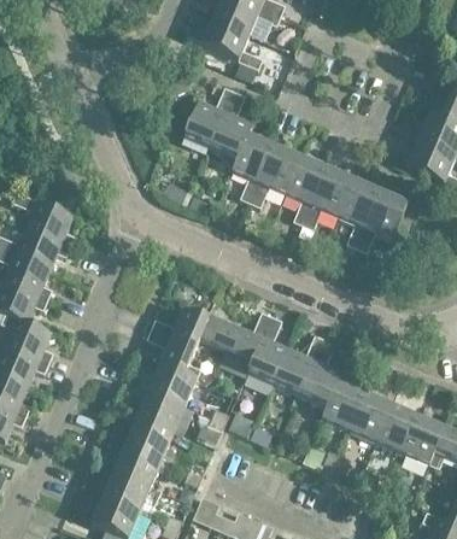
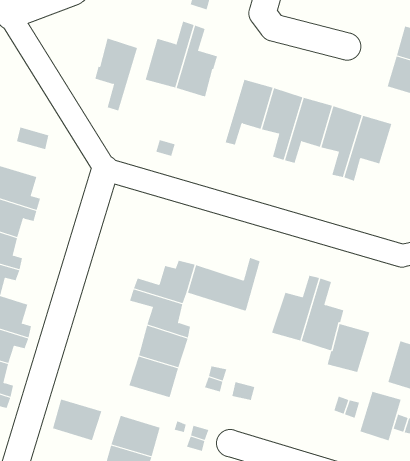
building: [233,135,276,204] -> [94,38,138,111]
building: [248,317,292,385] -> none
building: [351,394,393,443] -> [359,391,401,441]
building: [127,418,175,461] -> [52,399,102,441]

